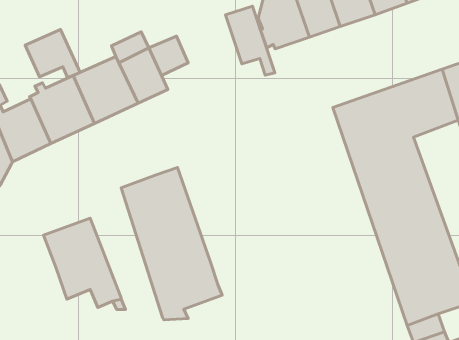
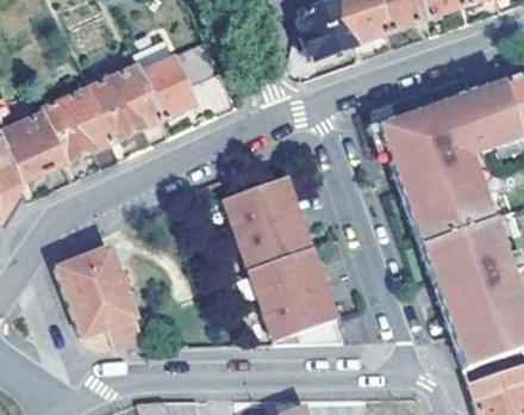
building: [226,6,275,75] -> none
building: [25,29,80,78] -> none
building: [121,167,222,320] -> [227,173,341,343]

